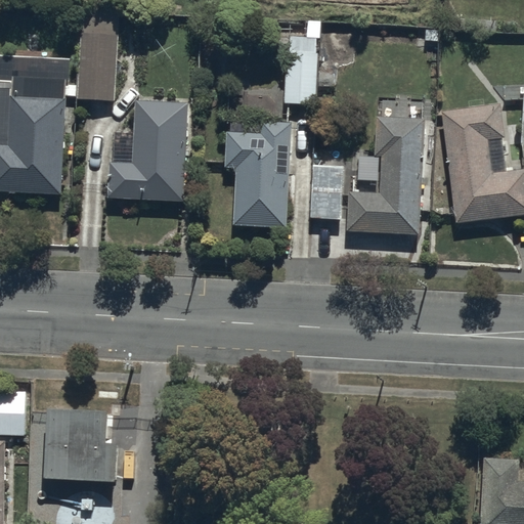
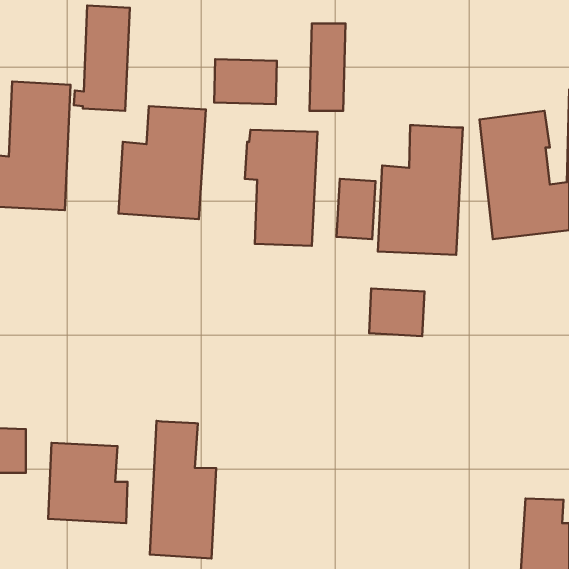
building: none -> [214,59,277,104]
building: none -> [369,289,424,336]
building: none -> [150,421,216,558]

